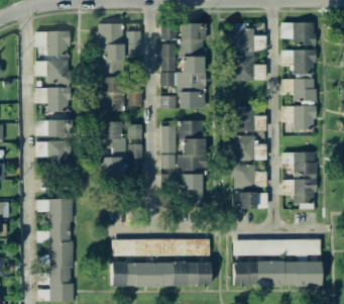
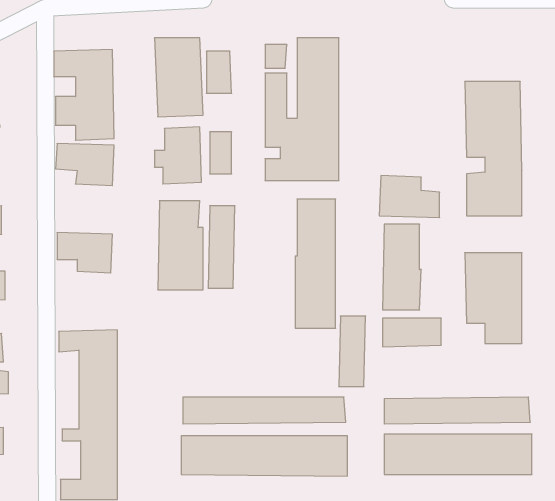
building: [280,22,315,45] -> none
building: [230,28,254,81] -> none
building: [36,119,69,136] -> none
building: [160,126,177,169] -> [339,316,366,387]

